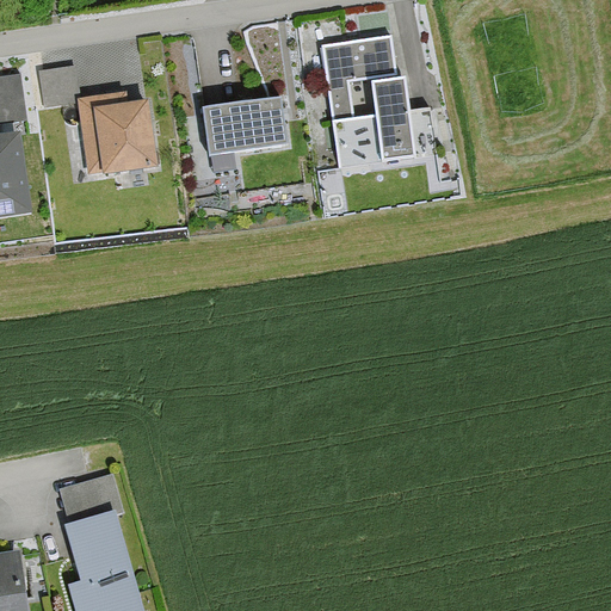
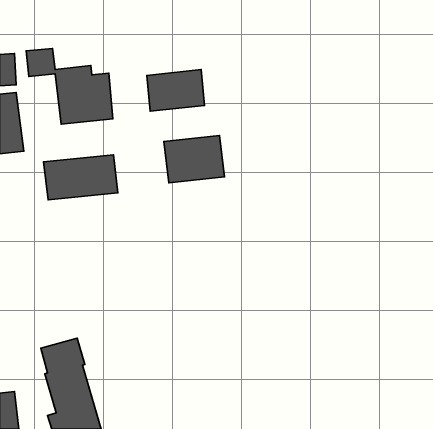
building: [321,38,432,167] -> none
building: none -> [164,136,224,183]
building: none -> [44,155,118,200]

